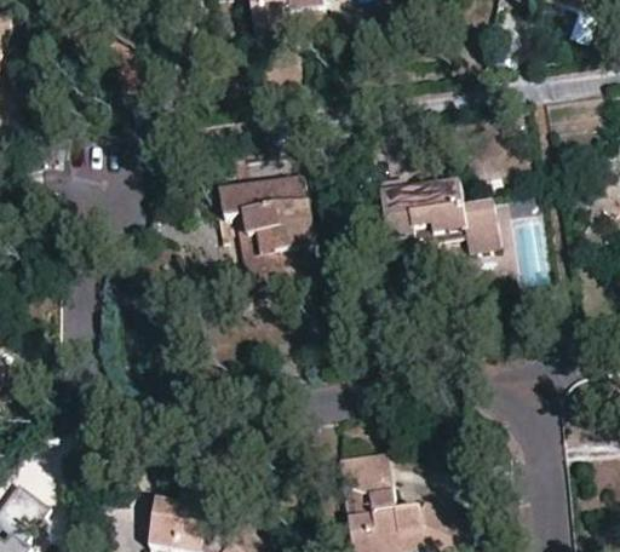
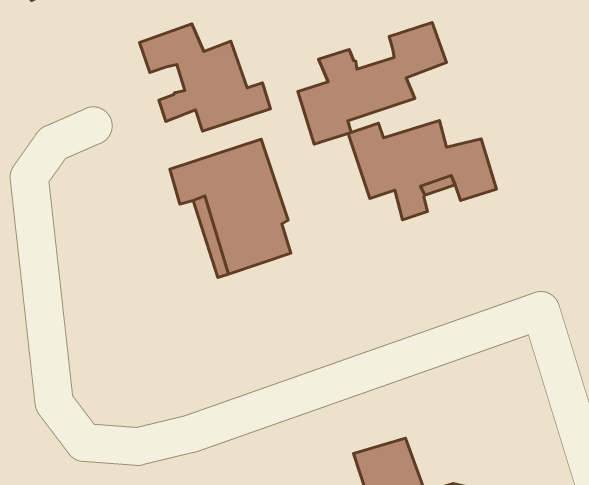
building: none -> [140,24,271,131]
building: none -> [298,22,447,144]

